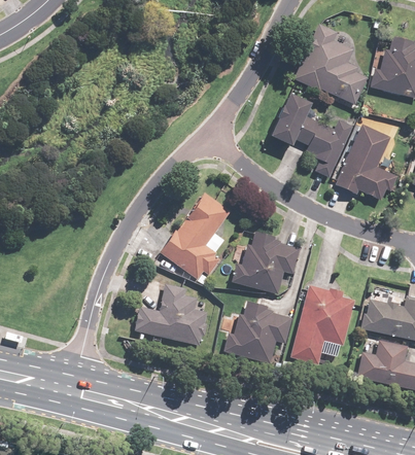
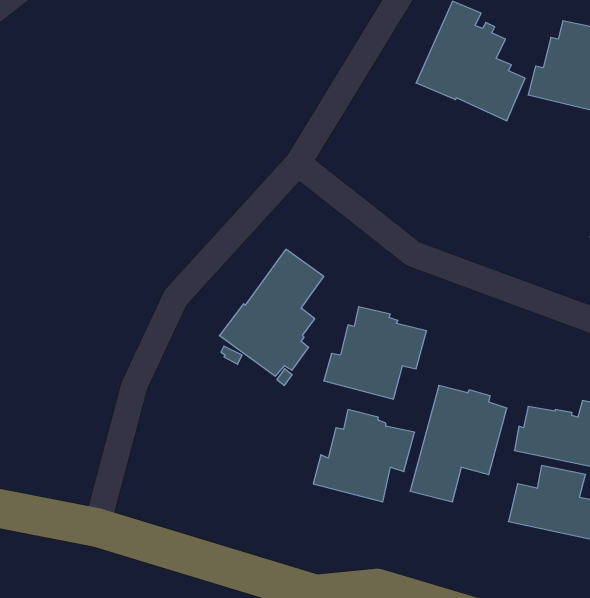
building: [268,95,353,178] -> none
building: [336,124,397,201] -> none
building: [134,284,208,346] -> none

